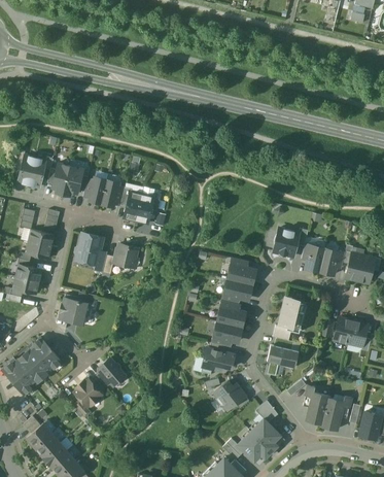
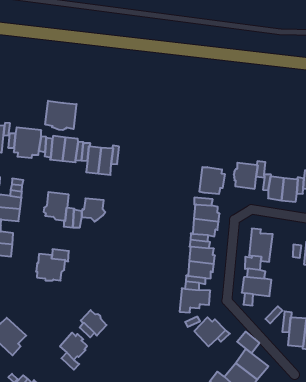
building: none -> [45,101,77,130]
building: none -> [199,167,225,194]
building: [24,337,62,386] -> none

